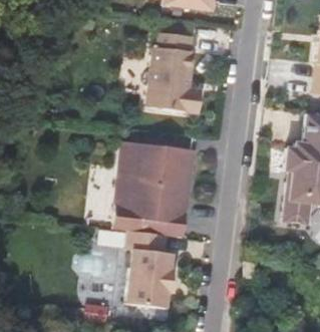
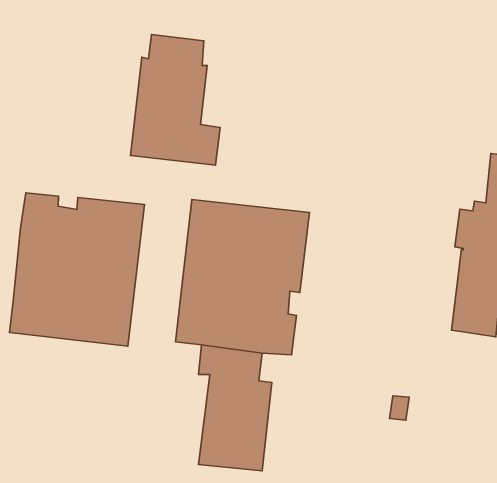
building: [147,32,203,112] -> [130,34,220,165]
building: none -> [10,193,145,346]

